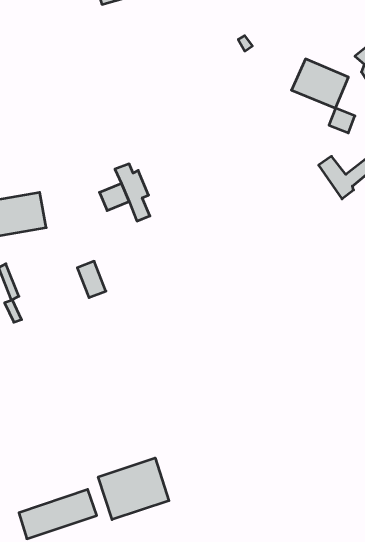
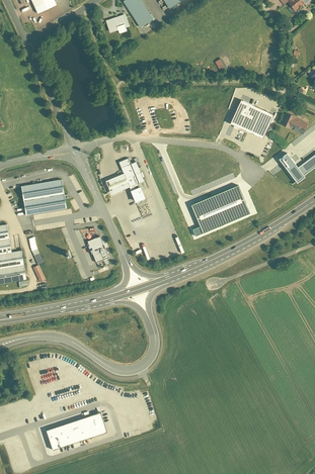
building: [291,59,348,108] -> [229,100,273,138]
building: none -> [190,185,249,232]
building: [98,458,169,520] -> none

